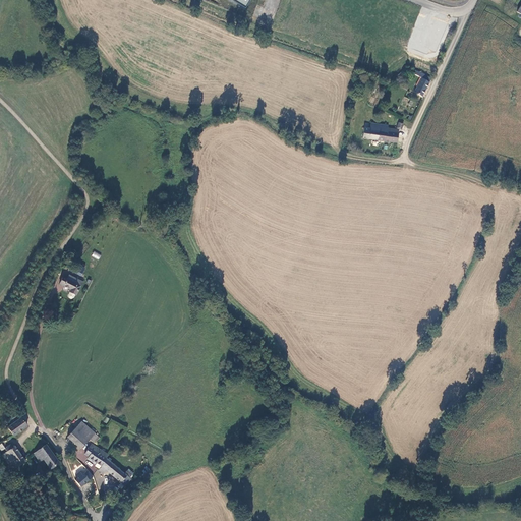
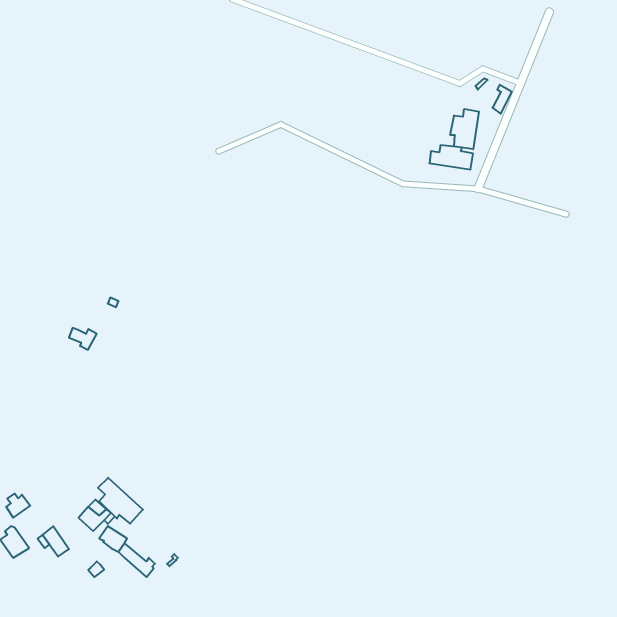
building: none -> [450,109,479,149]
building: none -> [98,478,143,524]

